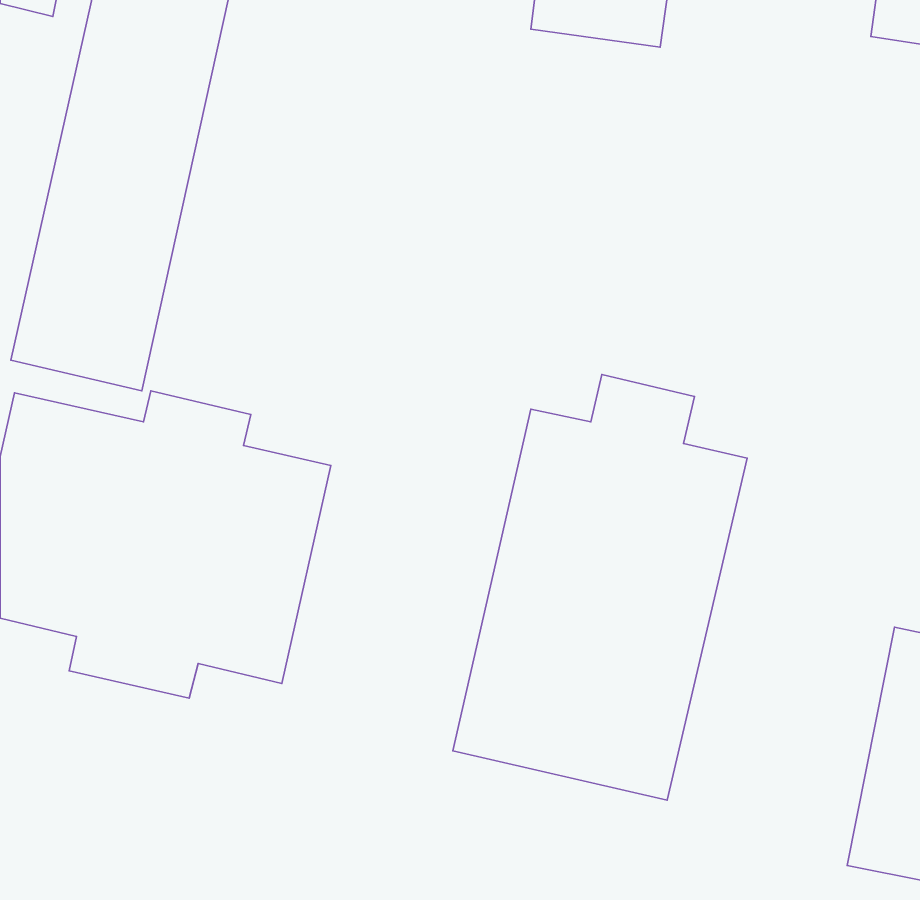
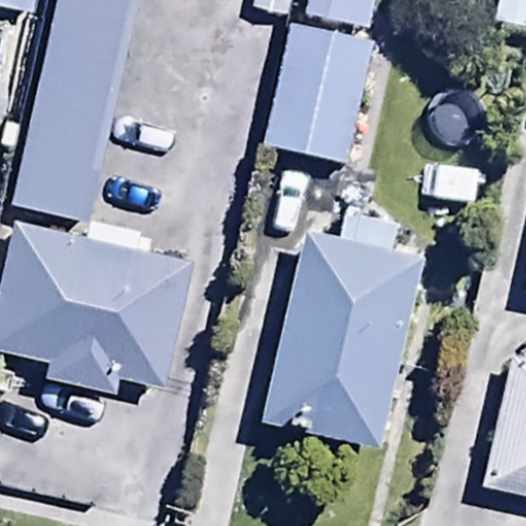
building: none -> [265,22,371,163]

